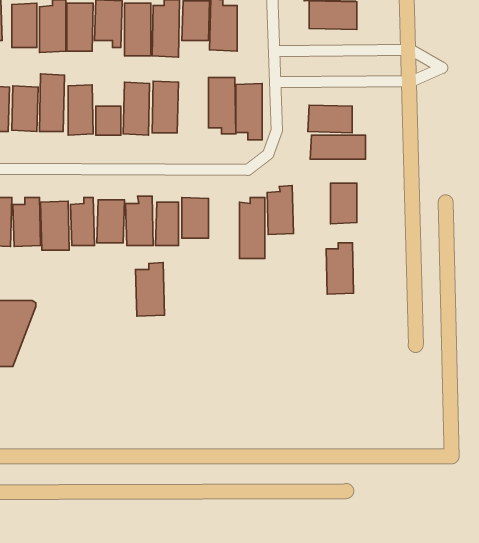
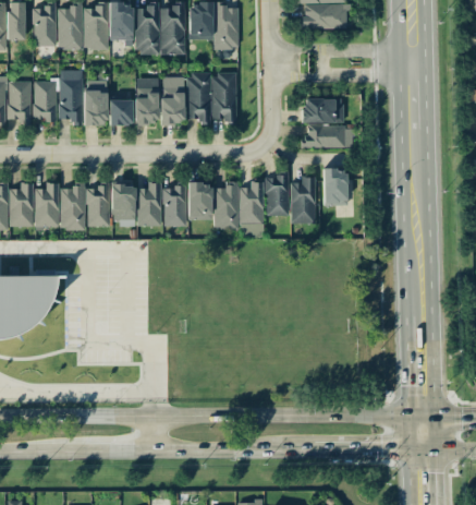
building: [236,83,262,140] -> [187,73,211,124]
building: [326,243,354,294] -> [291,177,316,224]
building: [136,262,164,316] -> [213,181,240,230]

